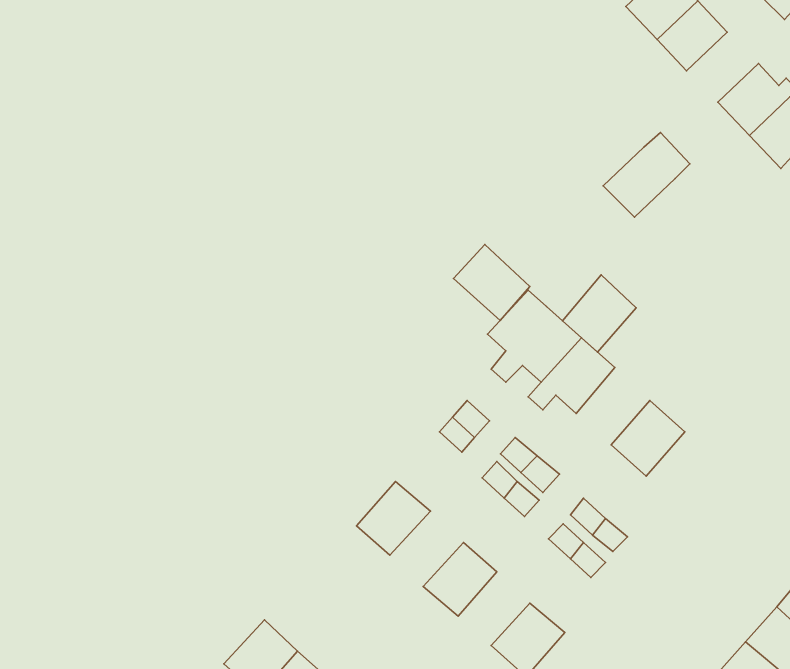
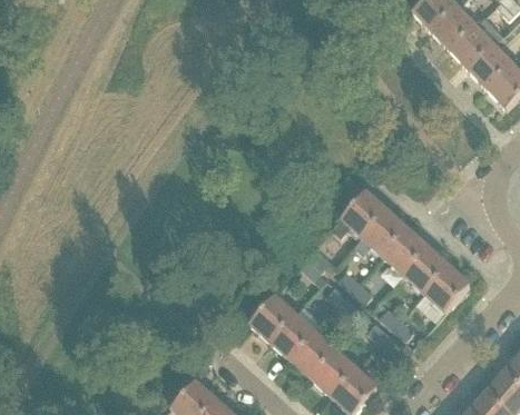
building: [603,133,690,217] -> [450,17,502,68]
building: [453,244,530,320] -> none
building: [563,275,636,352] -> [383,228,428,275]
building: none -> [425,267,470,312]
building: none -> [271,315,315,360]
building: none -> [312,352,355,396]

